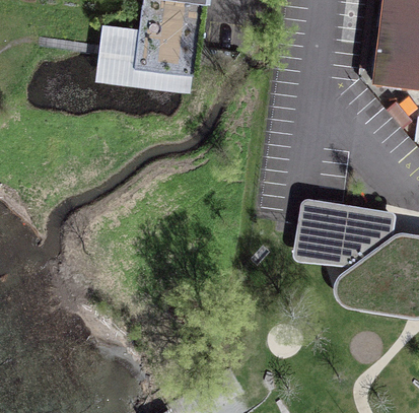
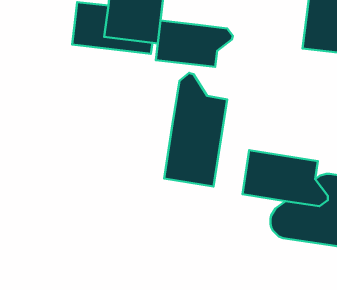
building: none -> [156,20,233,67]
building: none -> [164,73,227,186]

